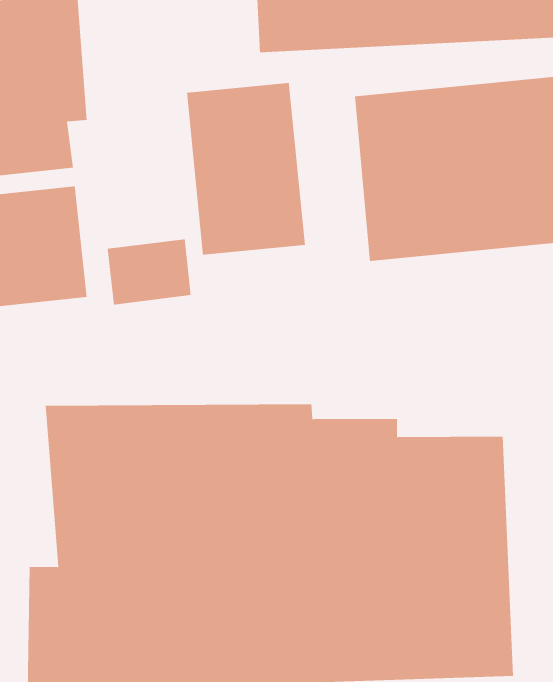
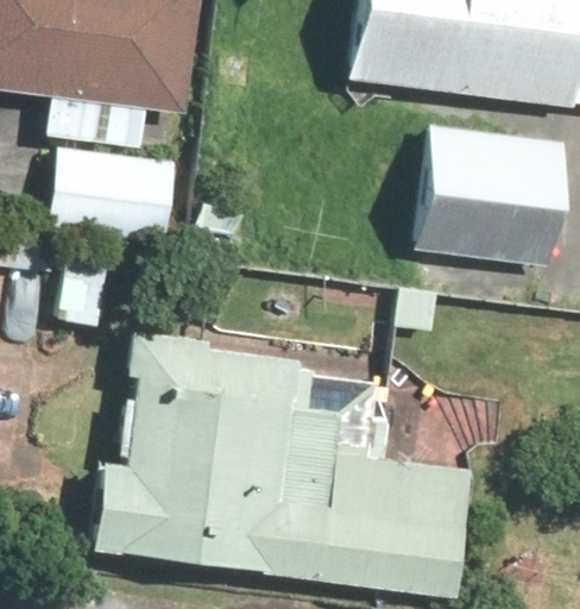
building: [186,82,305,255] -> none

